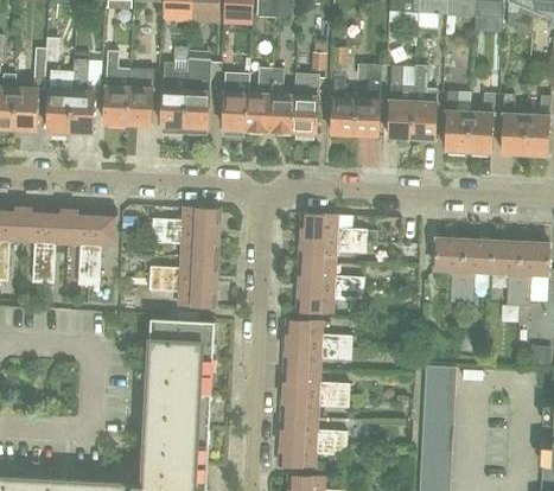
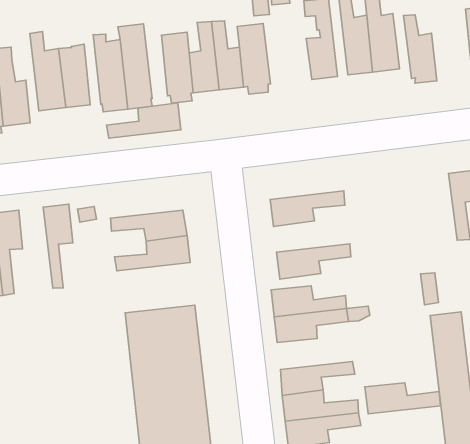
building: [331,76,356,134] -> none
building: [467,91,495,155] -> none
building: [152,206,219,232] -> [107,103,181,138]
building: [68,208,93,283] -> none
building: [299,212,367,240] -> none
building: [434,237,464,301] -> none
building: [297,261,364,288] -> none
building: [148,278,217,305] -> none
building: [282,366,350,395] -> [365,383,440,414]

